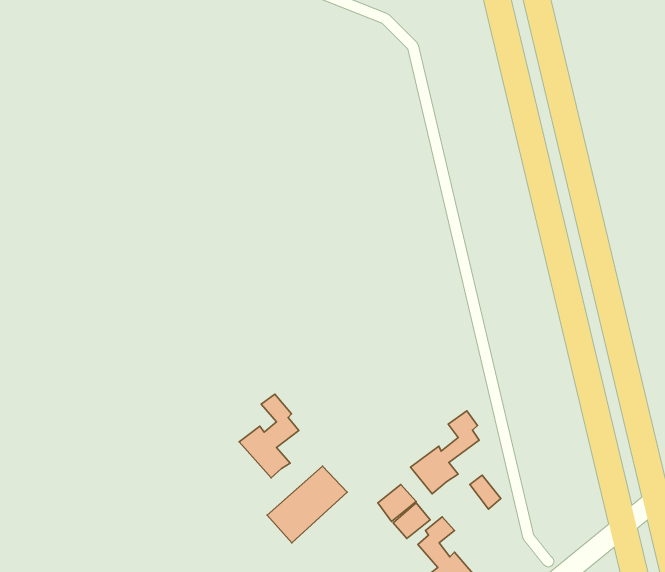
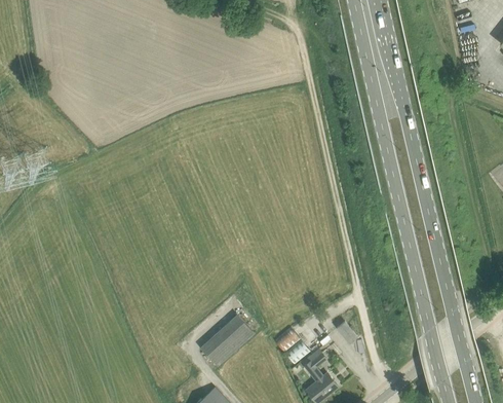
building: [239,394,299,478] -> none
building: [411,411,479,494] -> none

